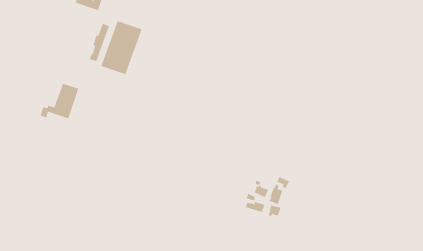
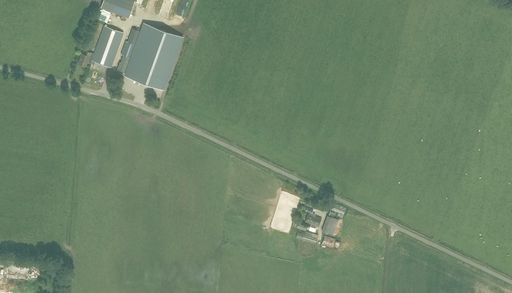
building: [40,83,79,119] -> [80,27,125,68]

